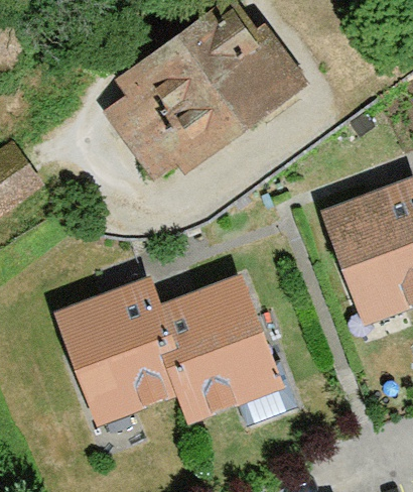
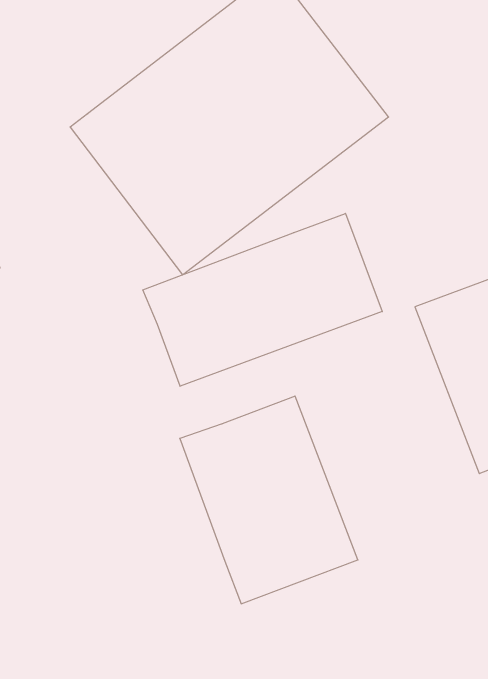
building: none -> [143,213,382,386]
building: [58,280,192,423] -> none

